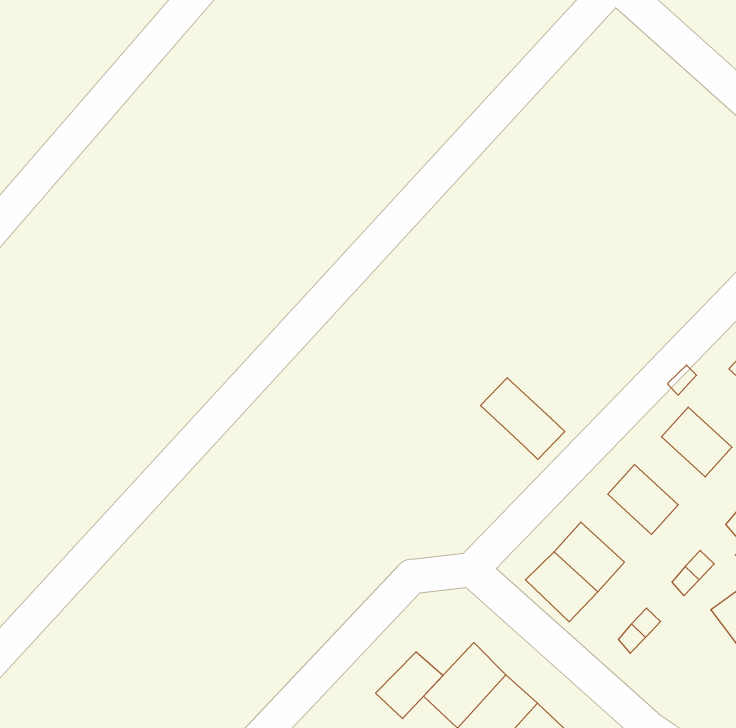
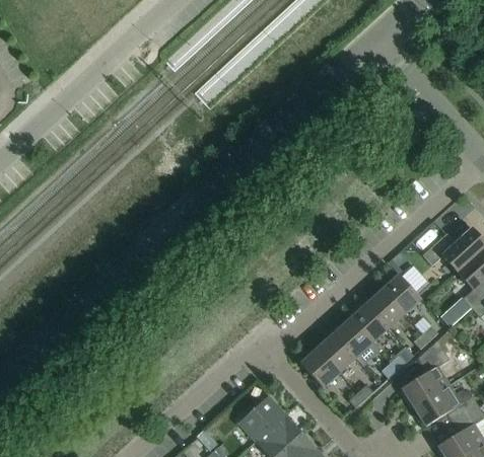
building: [480,378,565,459] -> [333,319,378,366]
building: none -> [365,290,404,328]
building: [376,652,443,719] -> none

